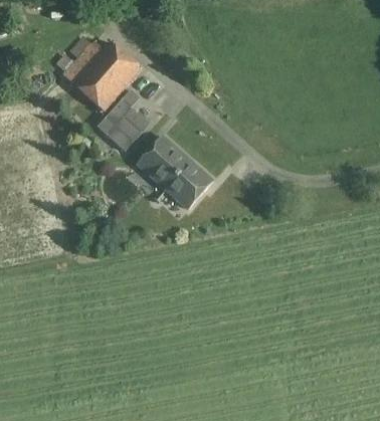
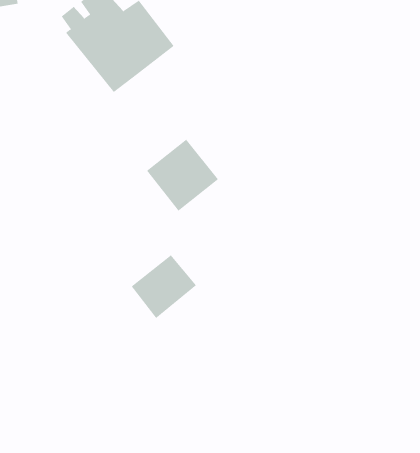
building: [97,87,149,150] -> none
building: [165,160,212,208] -> [131,254,197,319]

